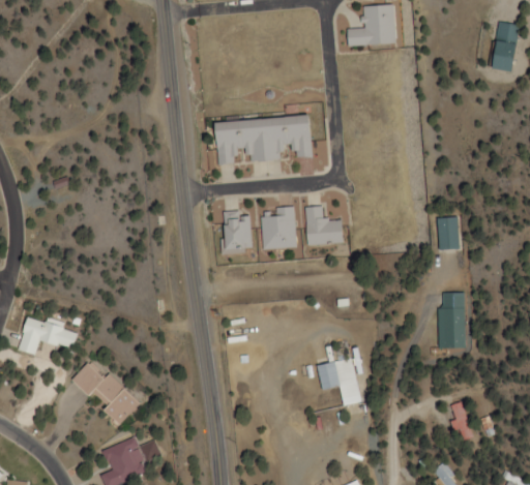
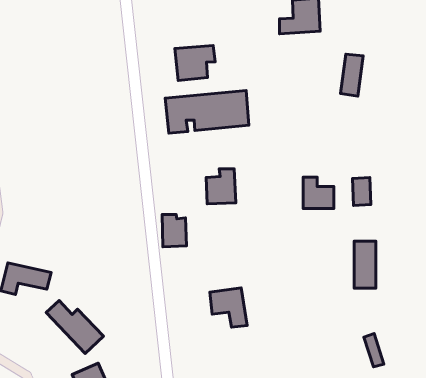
building: [488,23,514,72] -> [340,54,363,96]
building: none -> [175,46,215,80]
building: [307,207,344,244] -> [303,177,334,208]
building: [223,211,252,249] -> [162,214,186,247]
building: [318,359,362,405] -> [210,288,247,327]

